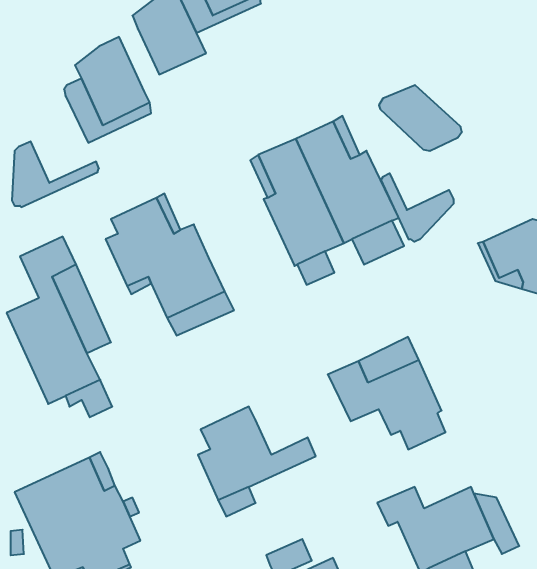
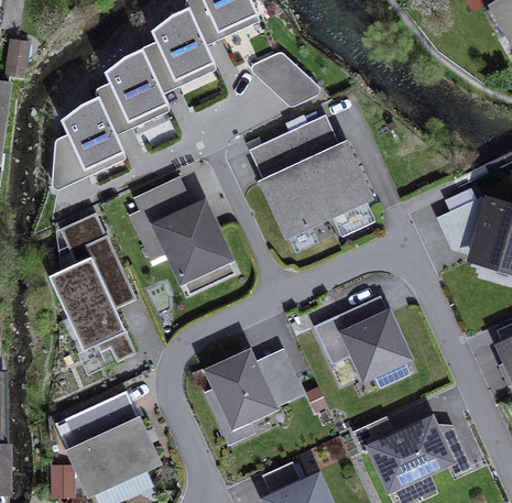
building: none -> [141,42,215,94]
building: [379,85,462,151] -> [251,52,319,106]
building: none -> [62,97,122,168]
building: [381,173,453,242] -> none
building: none -> [253,349,296,392]

